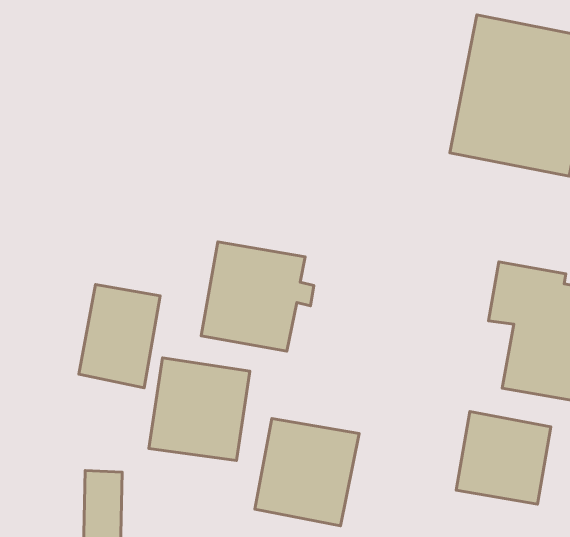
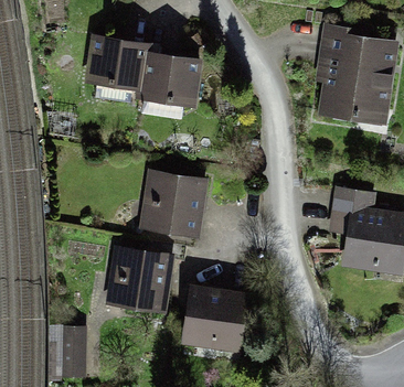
building: none -> [77,33,191,108]
building: [79,284,160,388] -> none
building: [456,412,551,504] -> none

